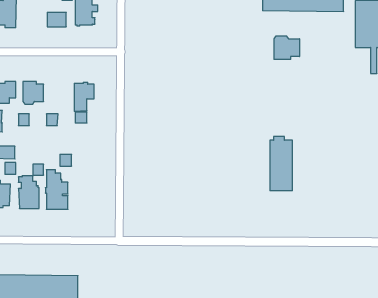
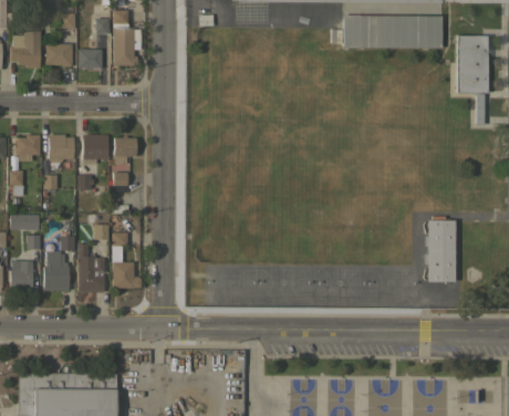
building: none -> [45,43,72,66]
building: [274,36,299,59] -> none
building: none -> [83,135,107,164]
building: [270,137,292,191] -> [427,216,455,282]
building: none -> [112,232,142,290]

